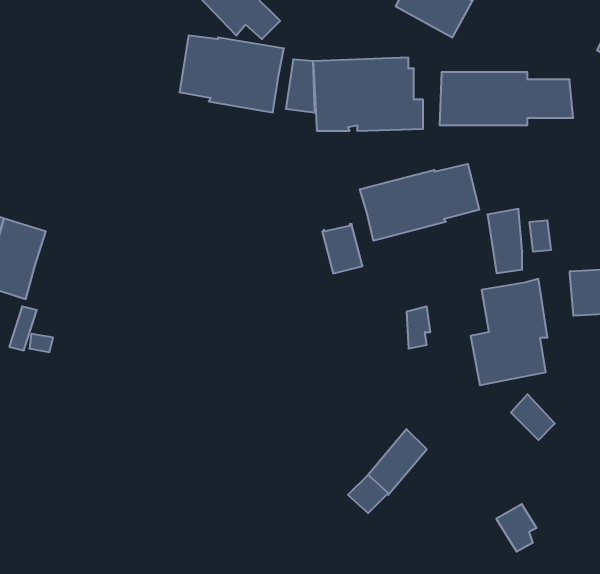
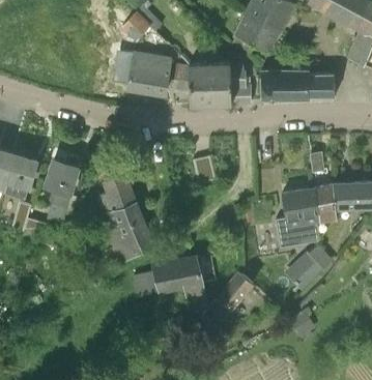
building: [360,164,479,241] -> none
building: [487,209,522,273] -> [315,184,335,221]
building: none -> [46,159,78,222]
building: none -> [98,173,152,262]
building: none -> [134,256,207,318]

